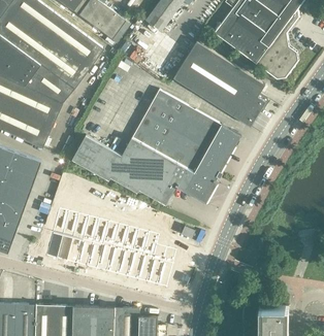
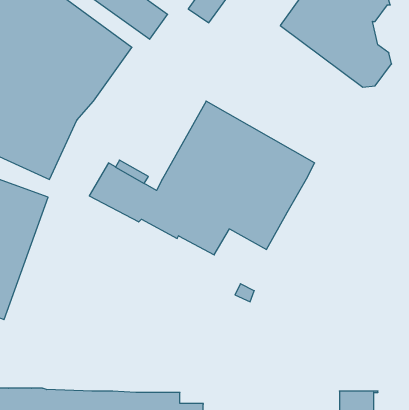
building: [172,42,265,127] -> none
building: [45,209,176,289] -> none

